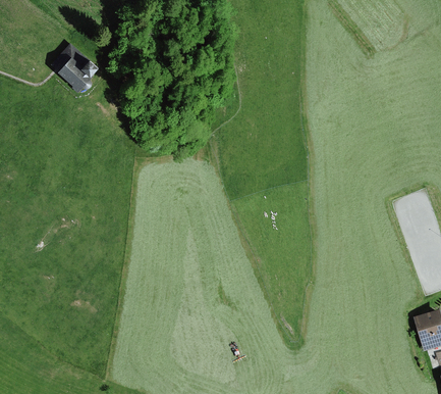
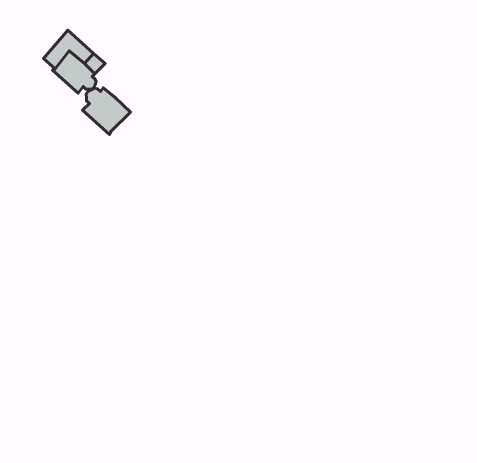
building: none -> [83,88,130,135]

